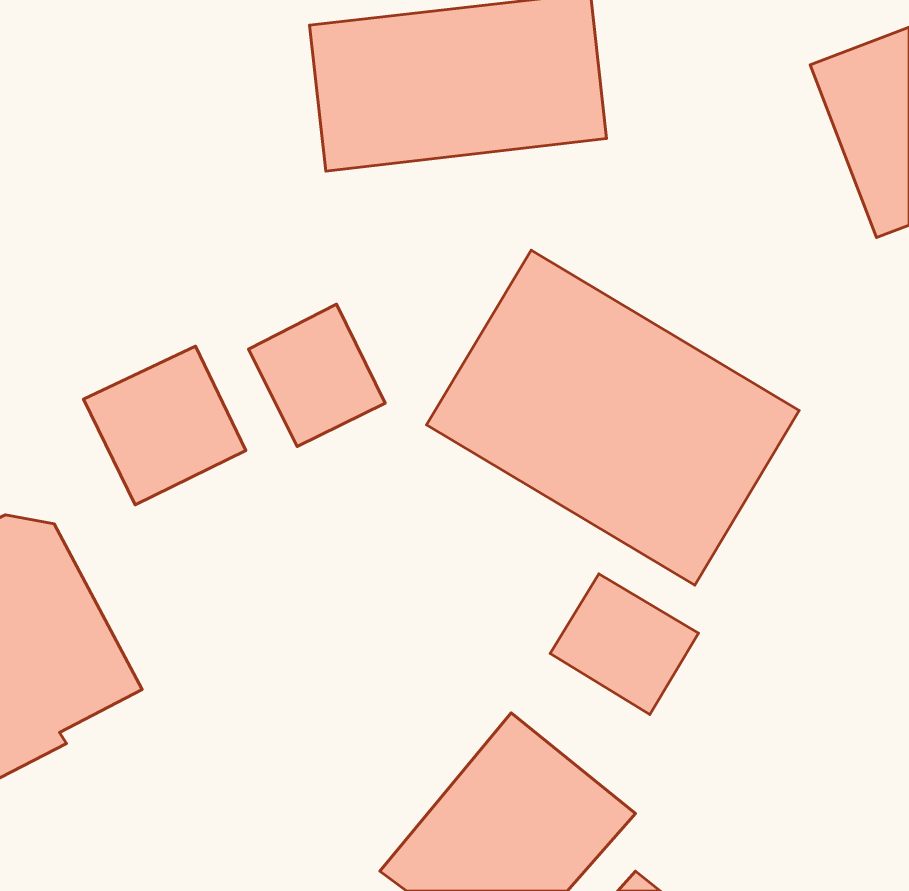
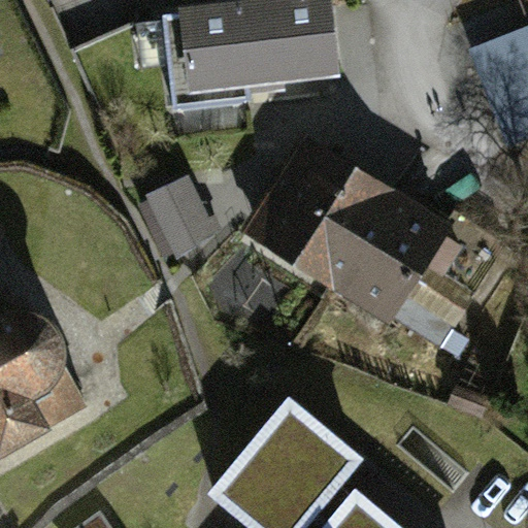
building: [84,346,246,505] -> none
building: [550,574,698,715] -> none

